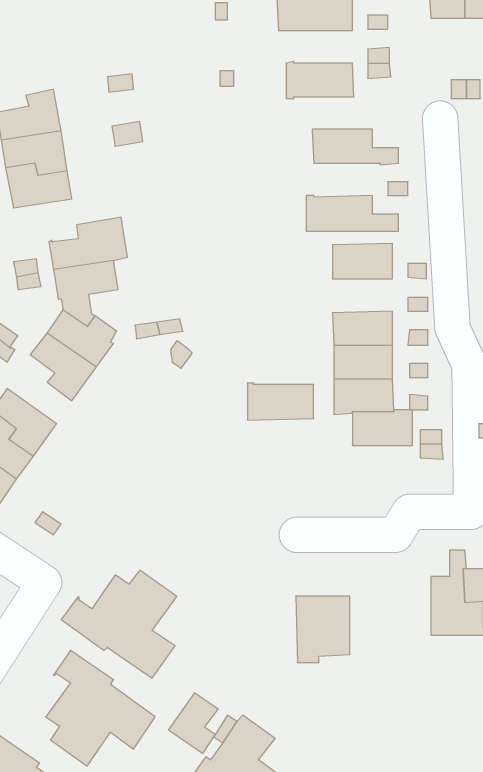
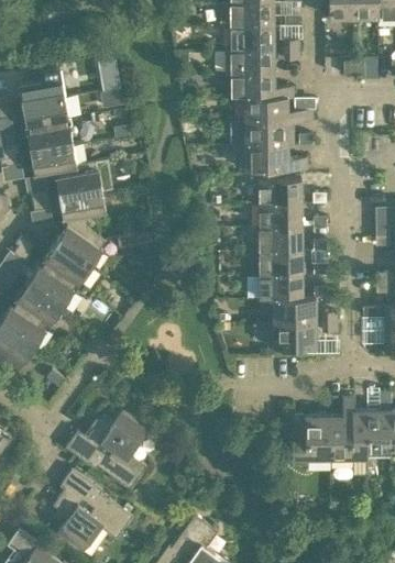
building: none -> [231,29,273,52]
building: none -> [231,76,293,101]
building: none -> [245,123,293,147]
building: none -> [31,148,77,179]
building: none -> [259,206,301,230]
building: none -> [26,260,73,309]
building: [247,383,314,420] -> [268,323,316,350]
building: [296,596,350,662] -> [290,418,329,465]
building: [169,693,218,754] -> none

